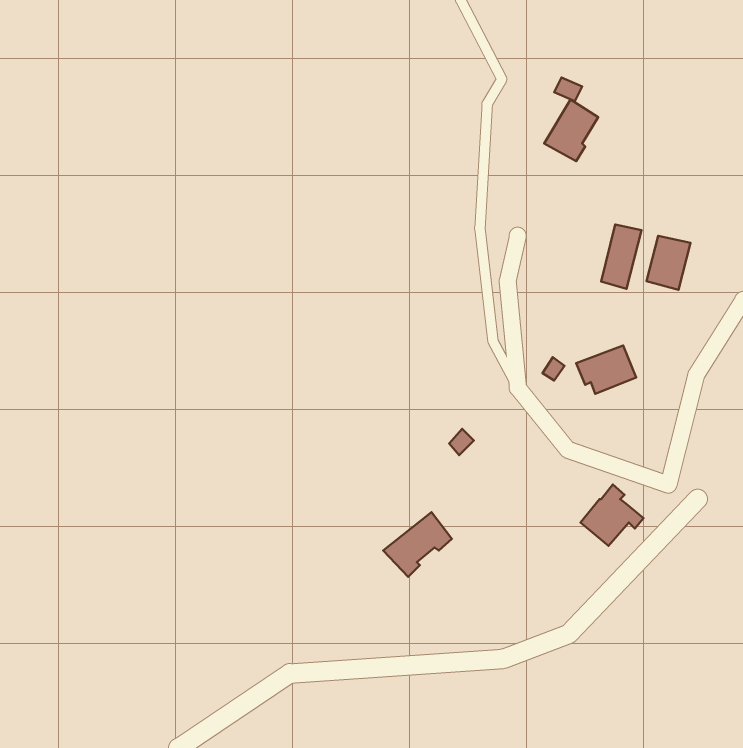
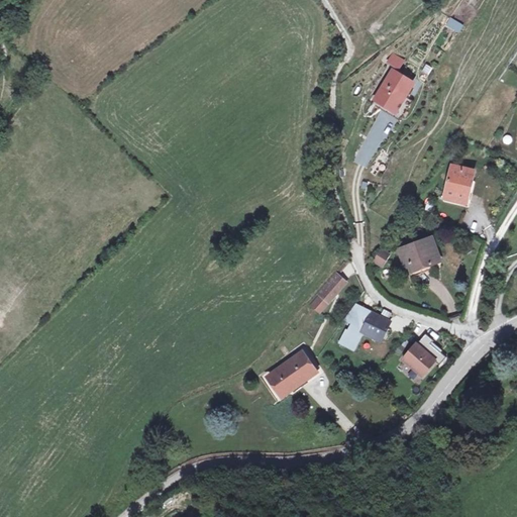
building: [601,224,641,289] -> none
building: none -> [317,276,346,304]
building: none -> [338,304,390,350]

